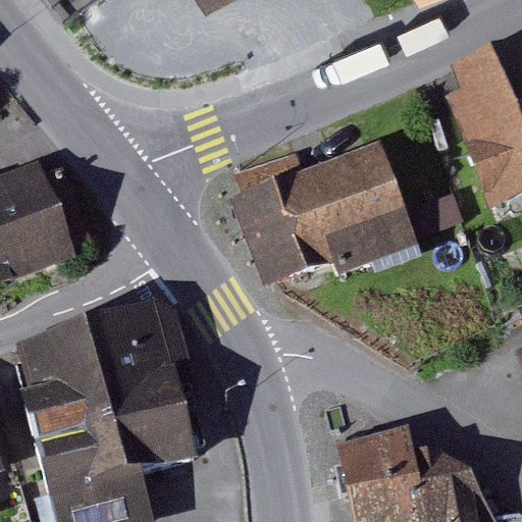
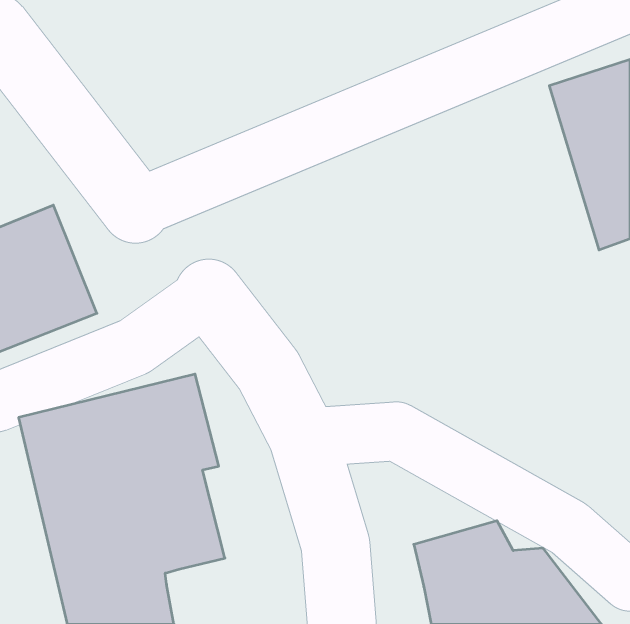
building: [233,141,415,289] -> none

